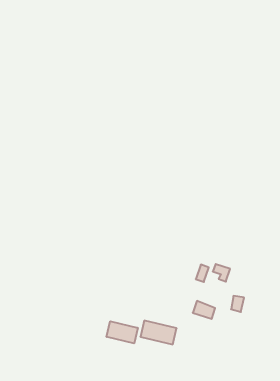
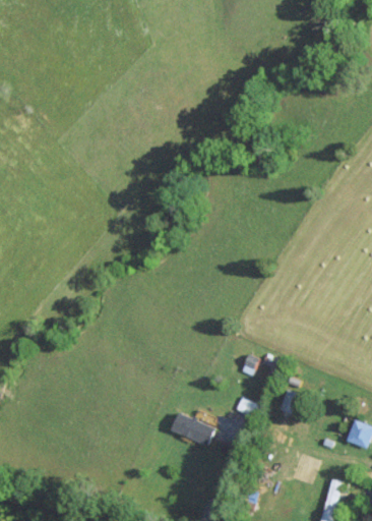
building: [107,321,138,343] -> none

